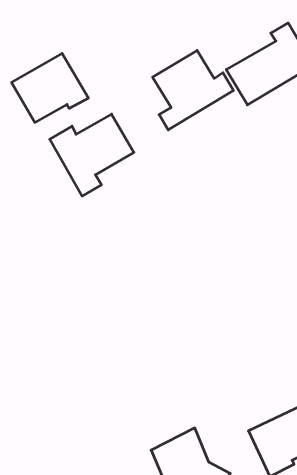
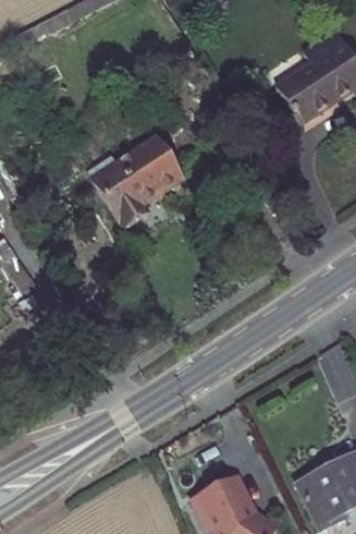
building: [153,50,233,130] -> none
building: [12,53,88,122] -> none

